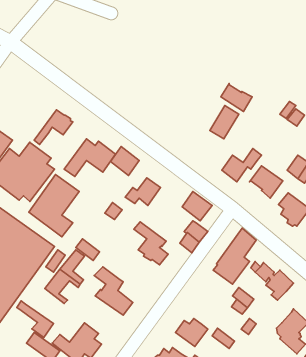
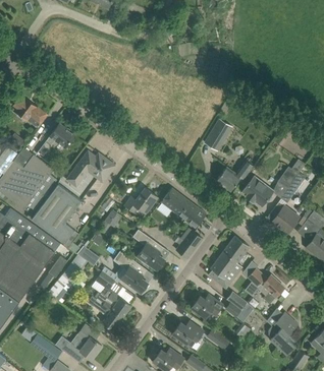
building: none -> [13,96,48,124]
building: [221,83,252,112] -> none
building: [110,146,139,175] -> [161,188,188,215]
building: none -> [113,251,148,293]
building: none -> [192,295,223,318]
building: [17,301,53,337] -> [88,297,122,331]

